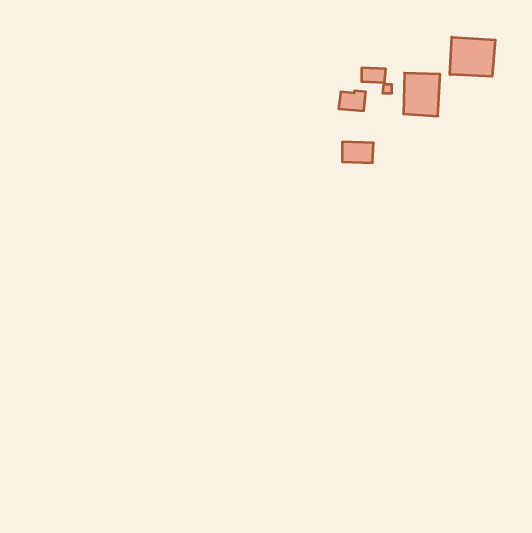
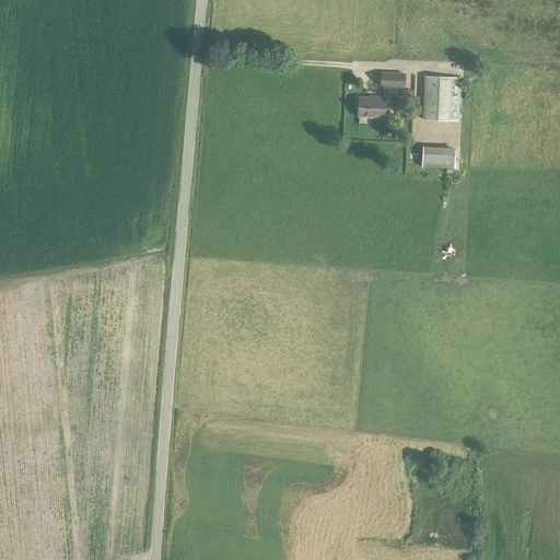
building: [450,37,495,76] -> none
building: [342,142,374,163] -> [420,145,453,167]

